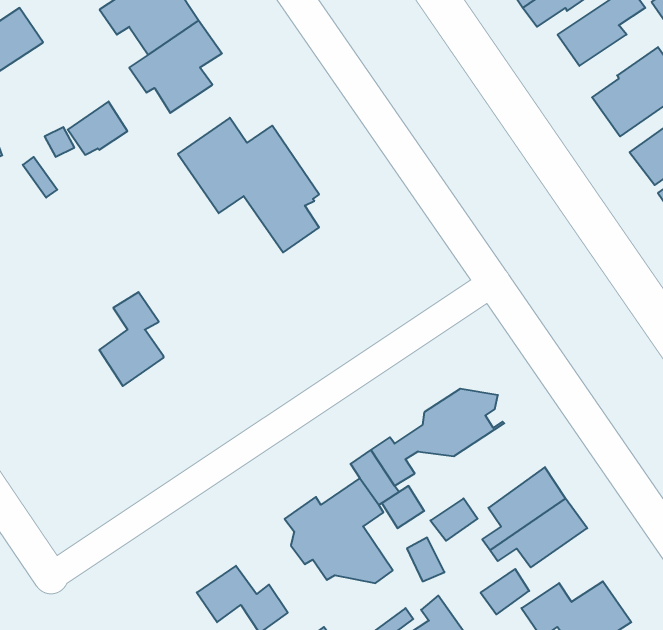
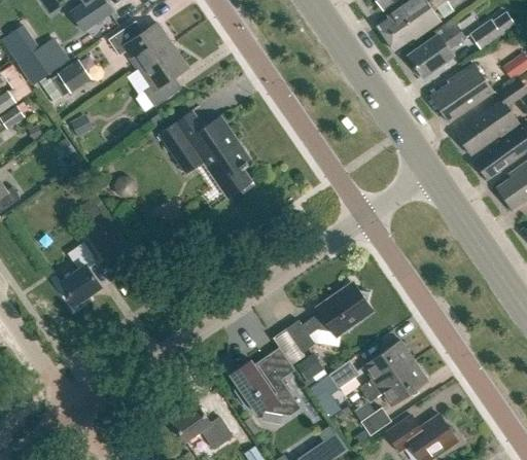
building: [68,101,127,155] -> [52,61,92,96]
building: [99,292,164,386] -> [59,243,101,305]

